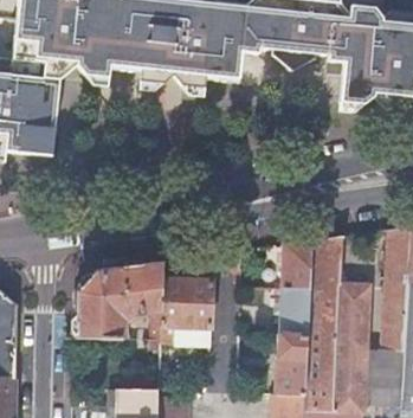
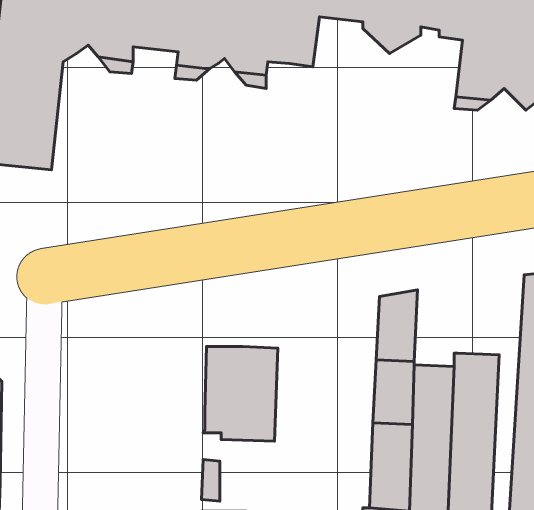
building: [310,236,342,294] -> none
building: [75,261,163,339] -> none

